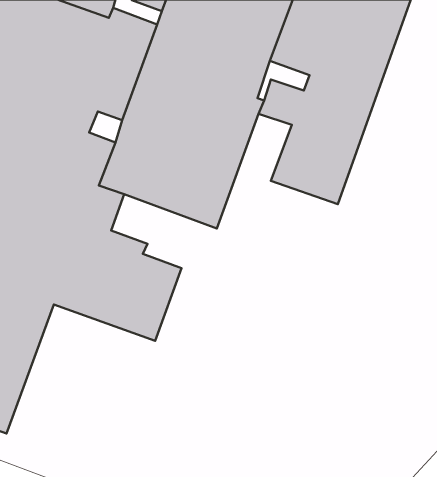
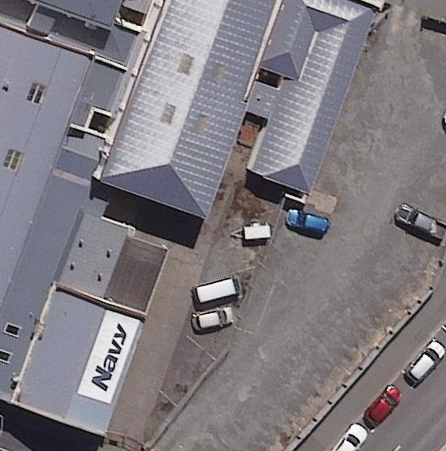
building: none -> [7,281,142,433]

